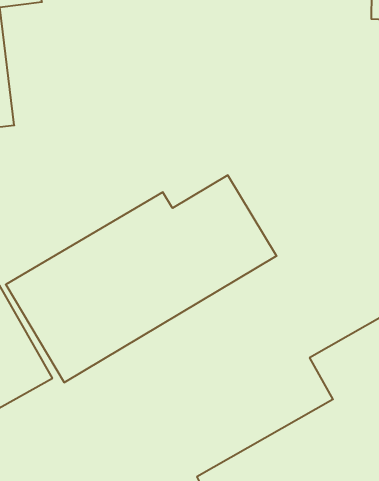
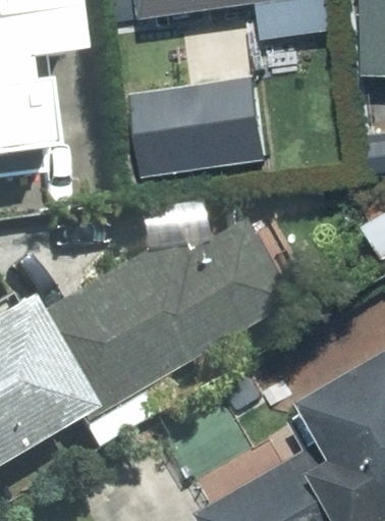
building: none -> [139,73,268,176]

